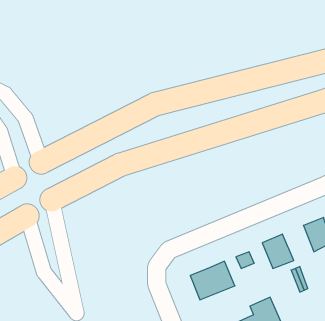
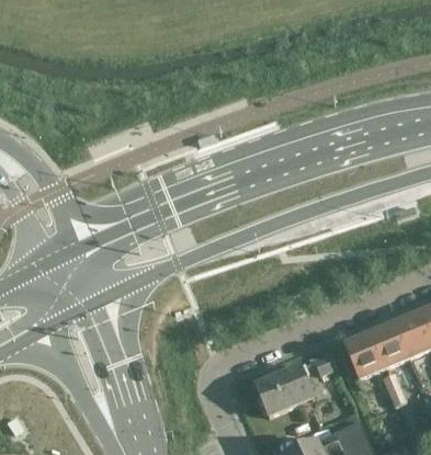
building: none -> [370,322,409,366]

